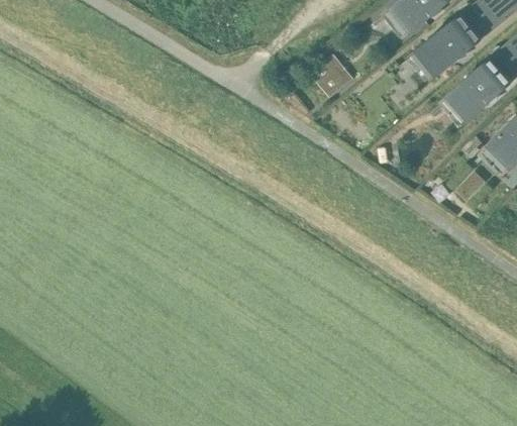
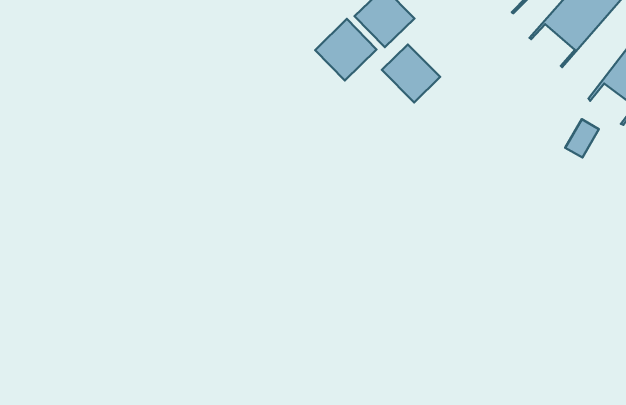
building: none -> [315,19,376,81]
building: none -> [382,44,440,102]

